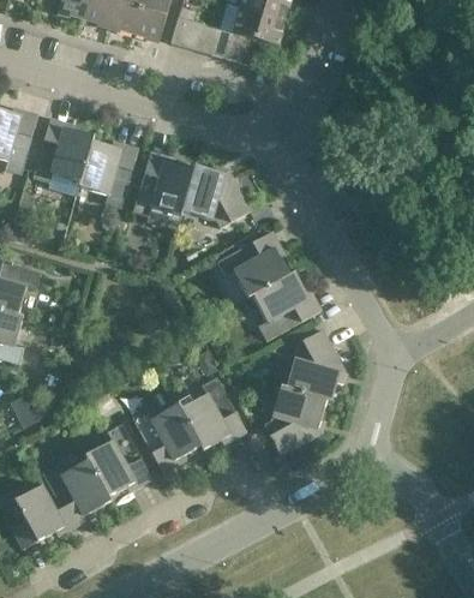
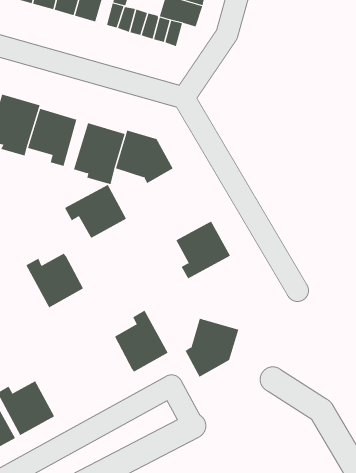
building: [216,232,289,295] -> [64,184,127,238]
building: [284,328,341,399] -> none
building: [132,402,200,467] -> [25,253,84,308]
building: [85,421,149,495] -> none

